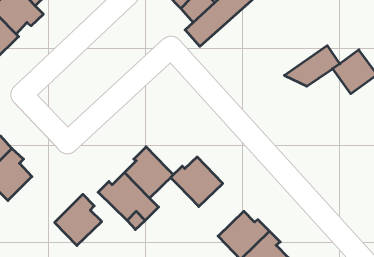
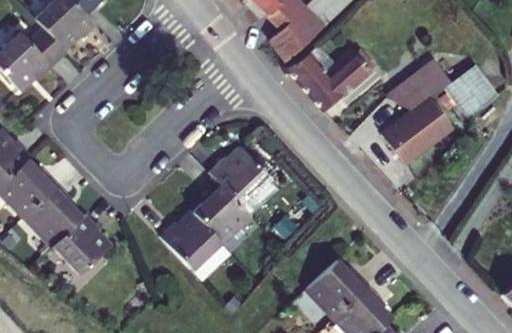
building: none -> [284,51,369,110]
building: none -> [379,99,451,165]
building: [171,157,223,207] -> [211,148,274,208]
building: [55,194,102,246] -> [53,213,110,275]

